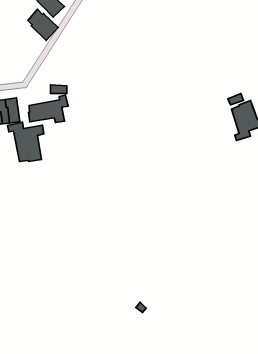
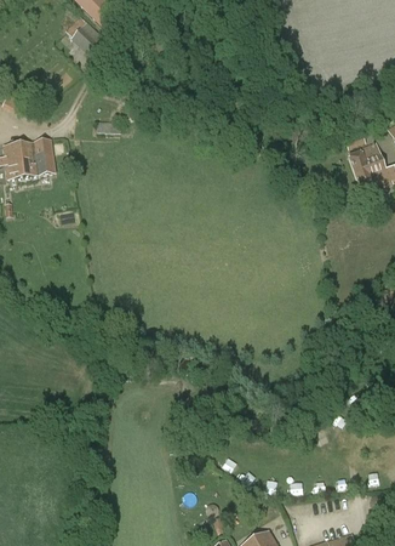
building: [29,95,68,123] -> none
building: [8,122,44,161] -> none

